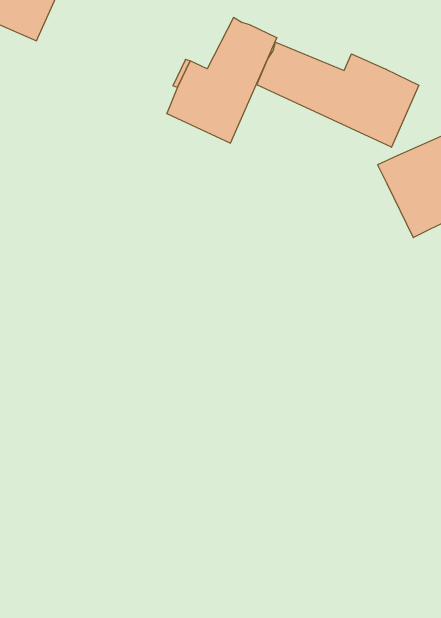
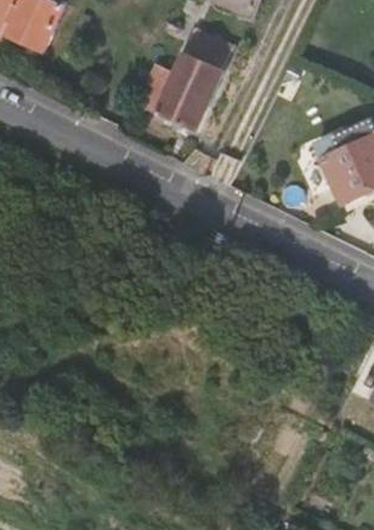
building: [257,42,419,147] -> none

